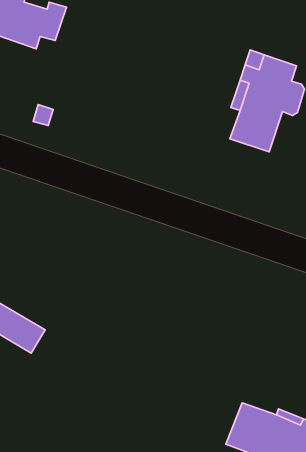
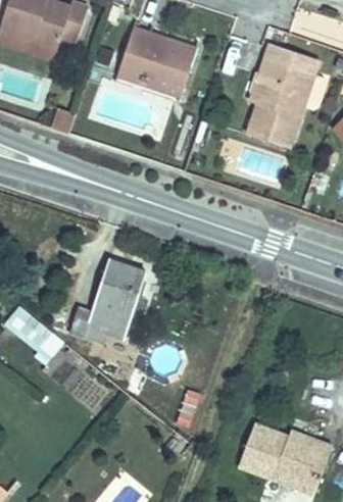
building: none -> [124,38,197,97]
building: none -> [75,259,149,339]

